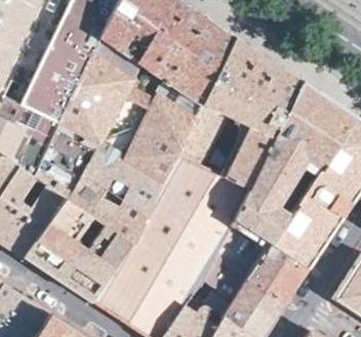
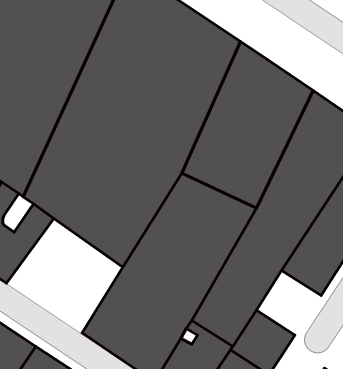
building: [24,199,129,302] -> none
building: [250,246,309,304] -> none

